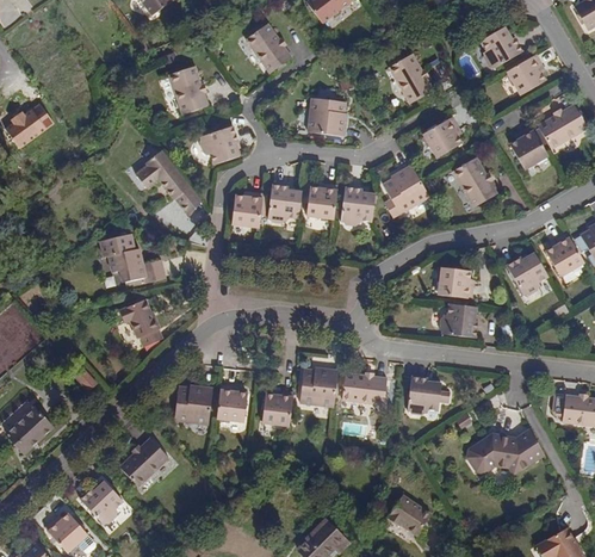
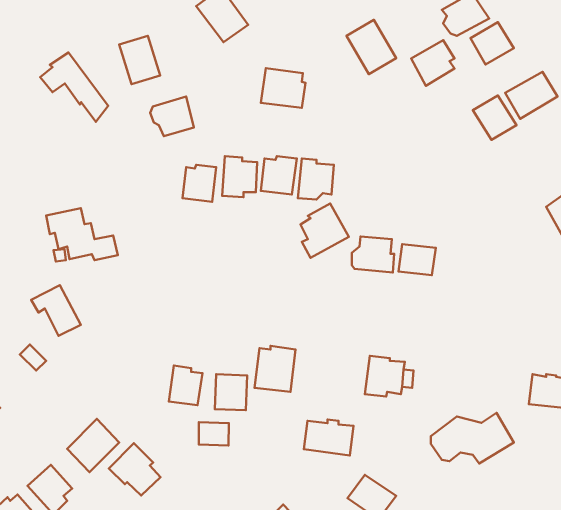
building: [421,115,463,159] -> [411,40,454,86]
building: [136,147,202,213] -> [40,52,108,122]
building: [452,156,498,208] -> none
building: [383,163,429,216] -> [300,203,349,258]
building: [545,236,584,278] -> none
building: [506,252,550,297] -> none
building: [120,295,168,344] -> [31,285,81,336]
building: [439,303,479,338] -> [352,237,394,273]
building: [340,371,388,406] -> [304,419,354,455]
building: [173,384,212,425] -> none
building: none -> [199,422,229,445]
building: none -> [109,443,161,495]

